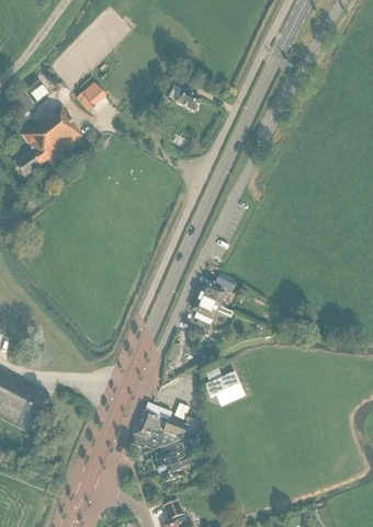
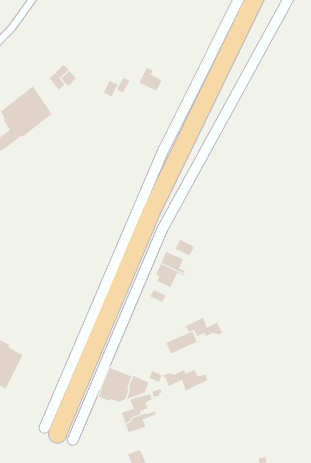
building: none -> [185,317,223,337]
building: none -> [163,369,208,391]

